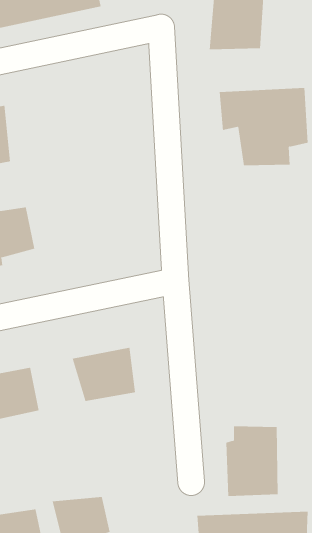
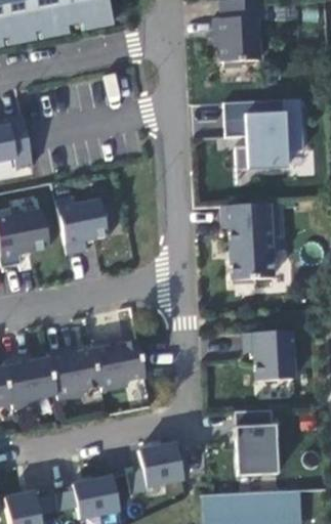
building: none -> [54,199,111,256]
building: none -> [221,203,286,281]
building: none -> [245,331,296,382]
building: none -> [48,349,98,397]
building: none -> [127,443,188,492]

